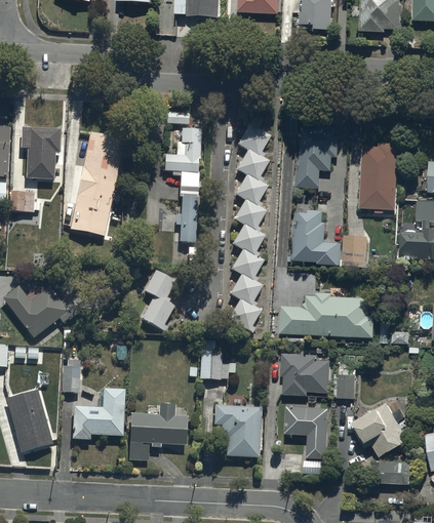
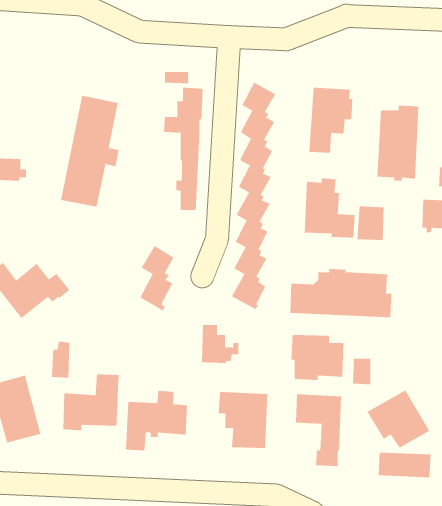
building: [21,128,60,179] -> none

